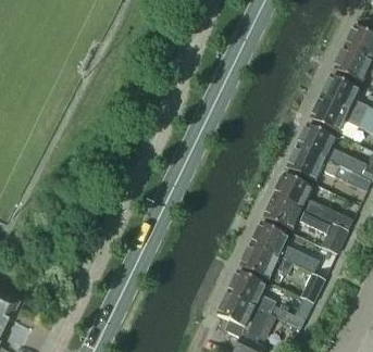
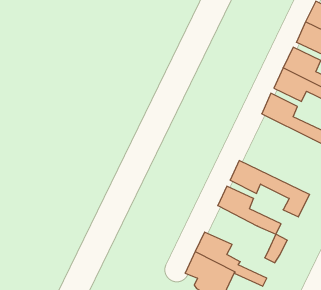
building: [286,143,351,180] -> none
building: [273,171,352,229] -> none
building: [238,241,293,279] -> none

